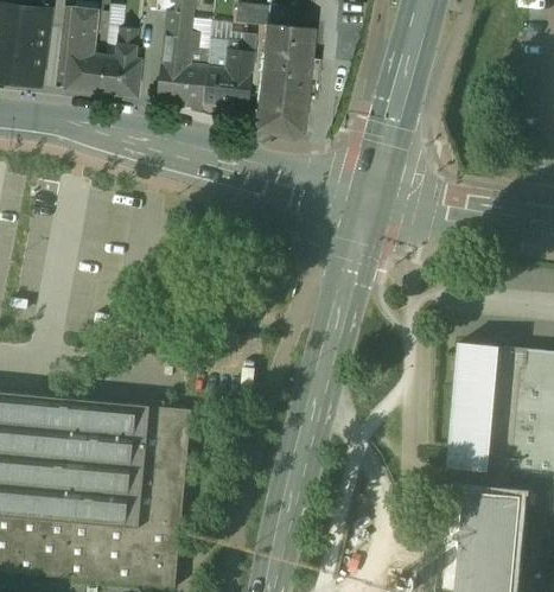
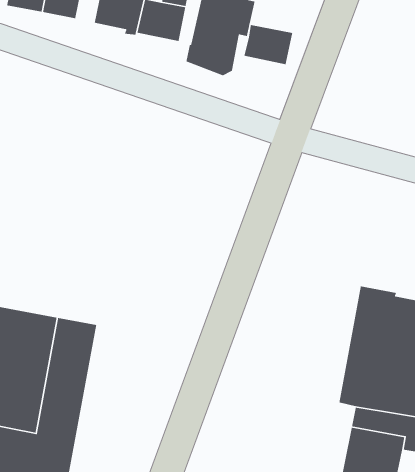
building: none -> [244,24,293,65]

